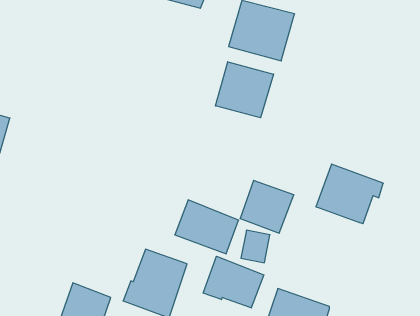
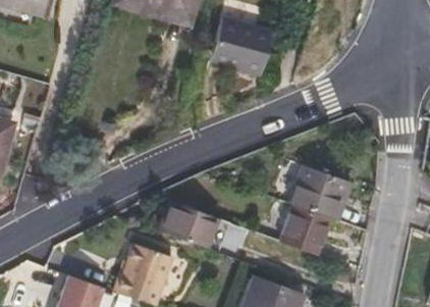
building: [215,62,274,118] -> none
building: [240,180,294,233] -> [280,206,329,254]
building: [203,256,264,308] -> none

